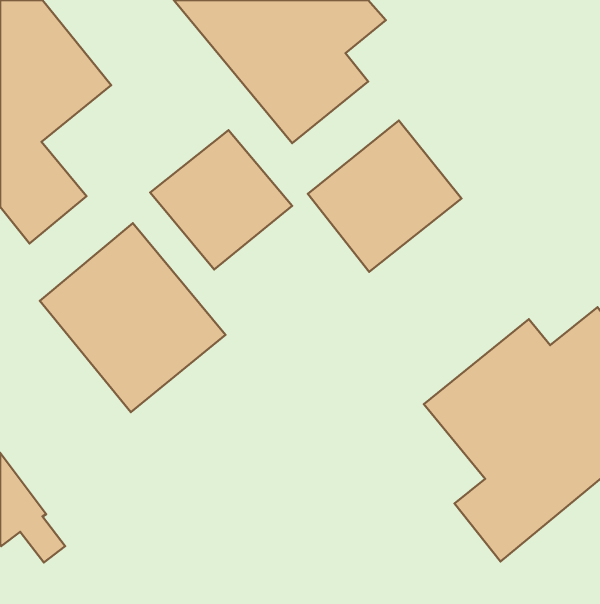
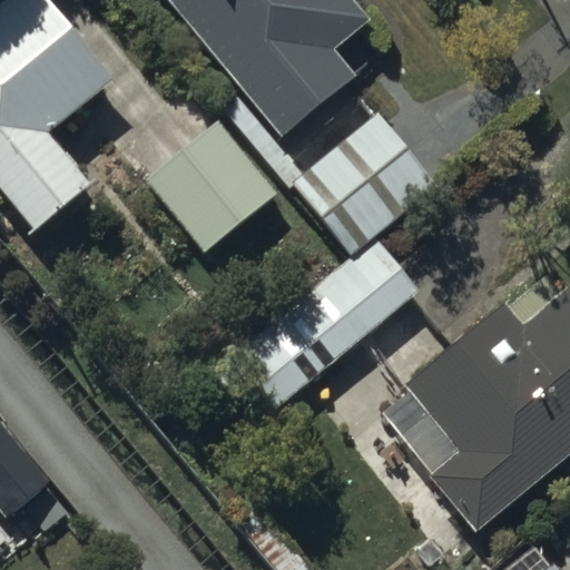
building: [40,223,225,412] -> none
building: none -> [232,240,420,411]

